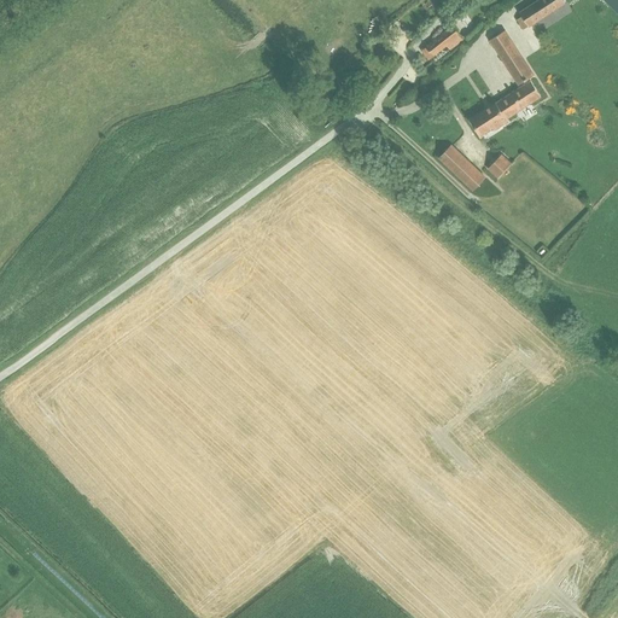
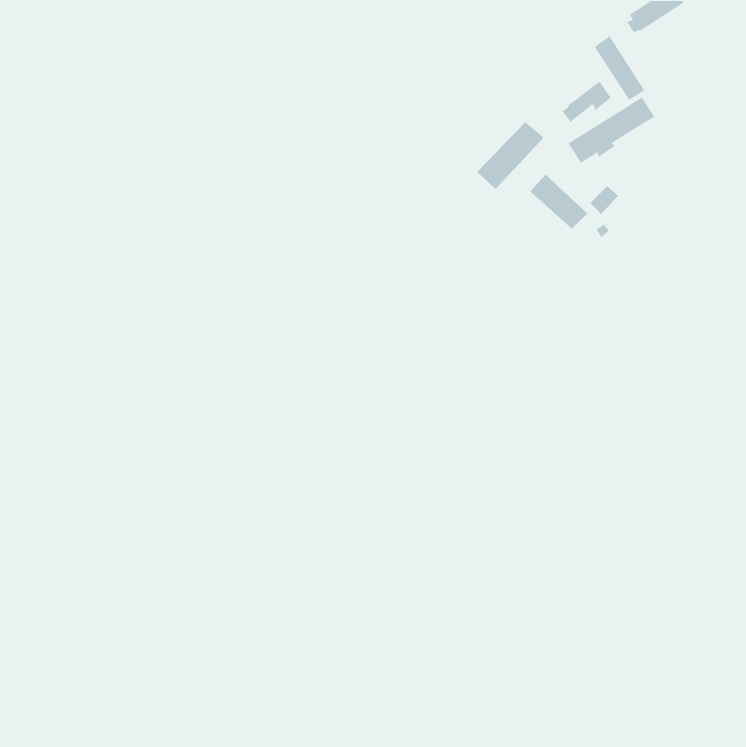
building: [421,24,462,59] -> [562,80,611,123]
building: none -> [477,121,545,190]

